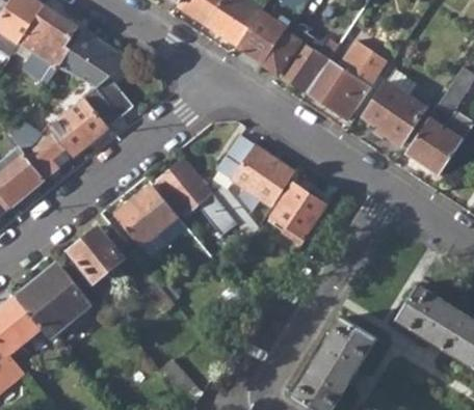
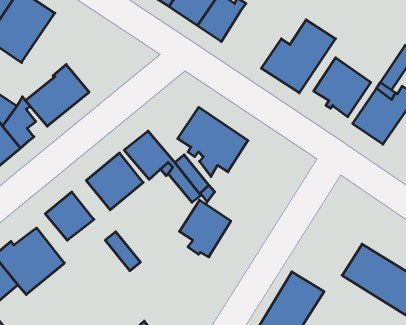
building: [263,27,328,92] -> none
building: [56,32,132,118] -> none
building: [269,182,325,244] -> [179,200,231,257]

